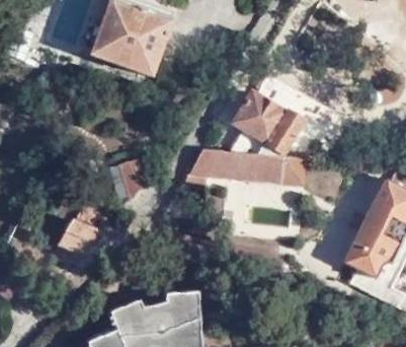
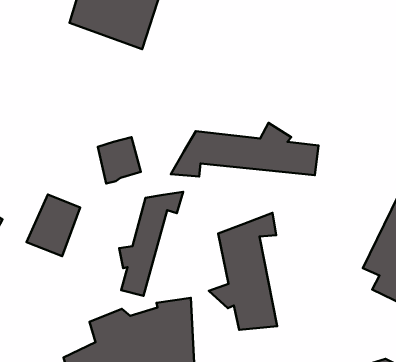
building: [233,93,302,154] -> none
building: none -> [119,192,183,296]
building: none -> [209,213,277,330]

